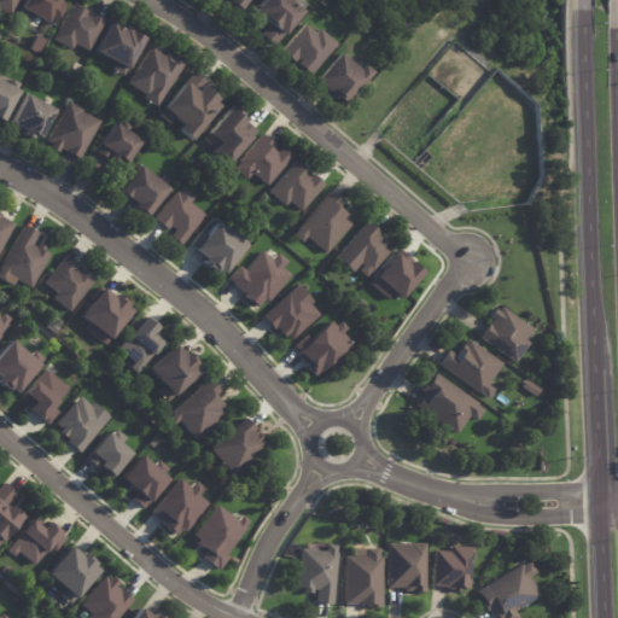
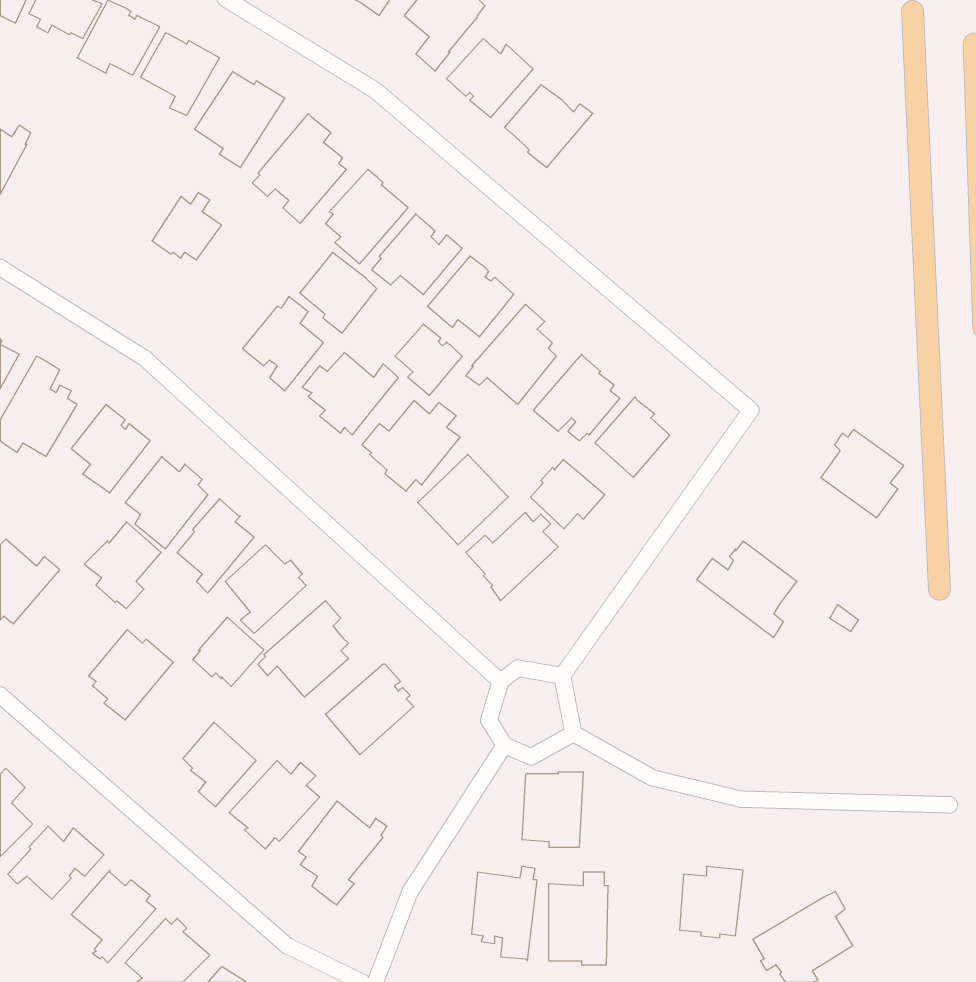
building: [13,94,57,138] -> none
building: [51,101,103,159] -> none
building: [123,165,171,216] -> [300,252,377,333]
building: none -> [395,324,462,395]
building: none -> [530,459,605,529]
building: [483,307,535,362] -> [821,429,904,518]
building: [18,367,66,421] -> [84,522,161,608]
building: [419,372,486,433] -> none
building: [83,430,128,473] -> [193,617,264,686]
building: [391,542,430,589] -> [522,772,583,847]

